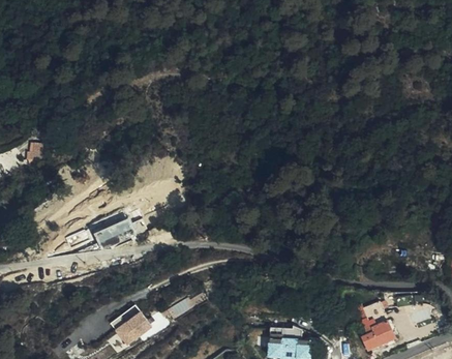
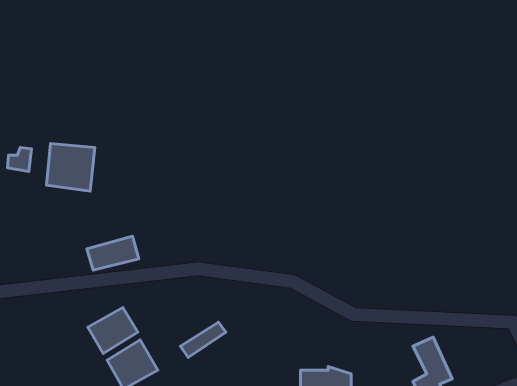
building: none -> [46,144,95,191]
building: none -> [88,307,138,353]

